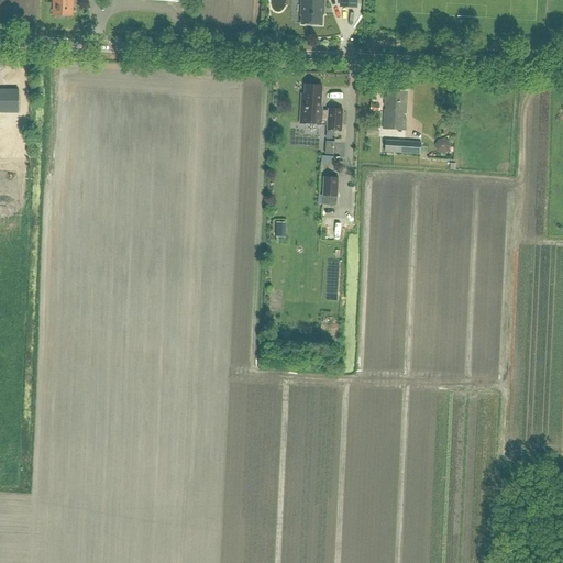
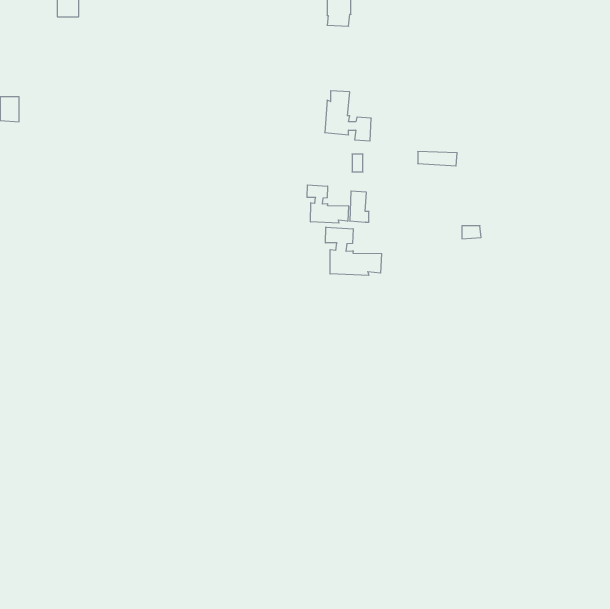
building: [383,89,407,130] -> none
building: none -> [307,185,348,223]
building: none -> [325,227,382,275]

